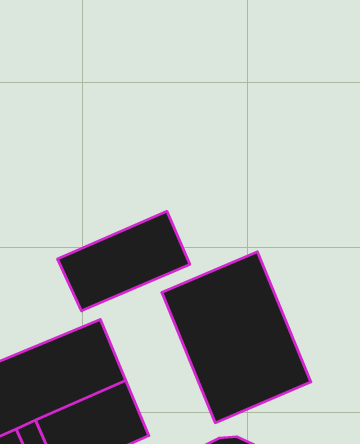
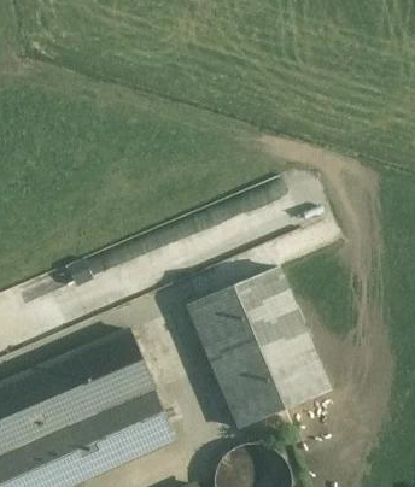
building: [58,211,190,311] -> none

